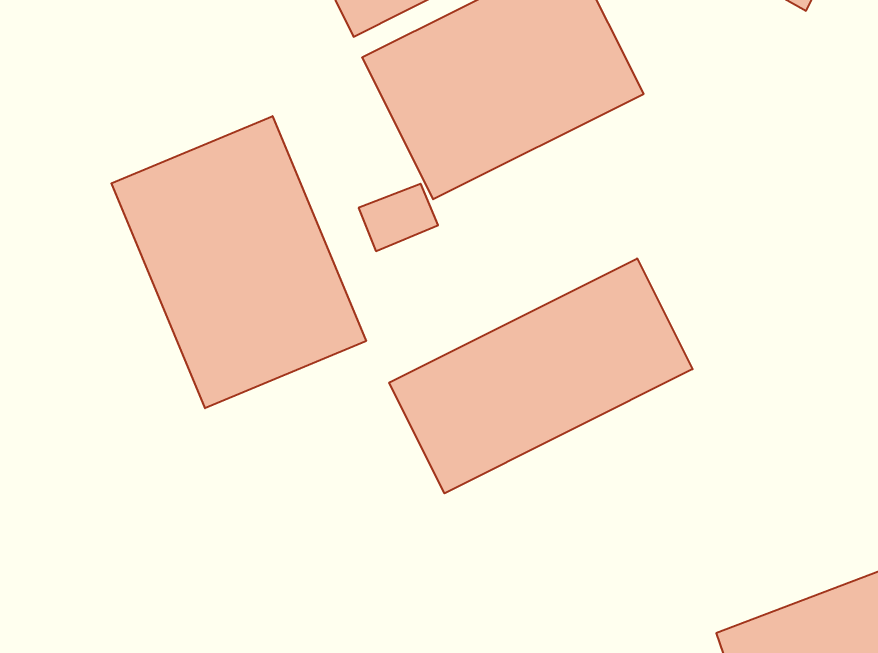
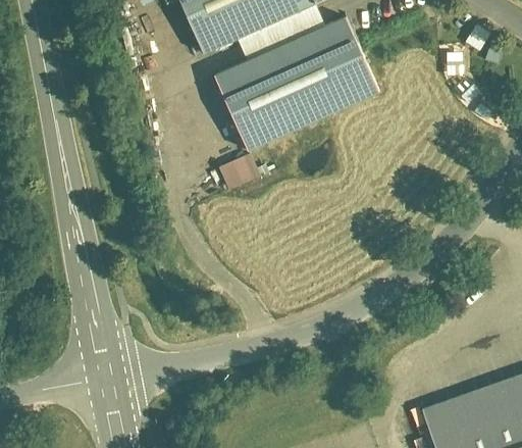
building: [111,116,366,408] -> none
building: [389,258,693,493] -> none

